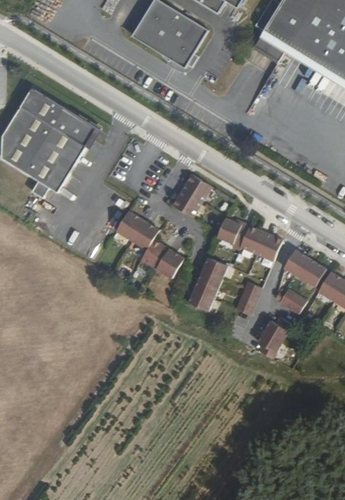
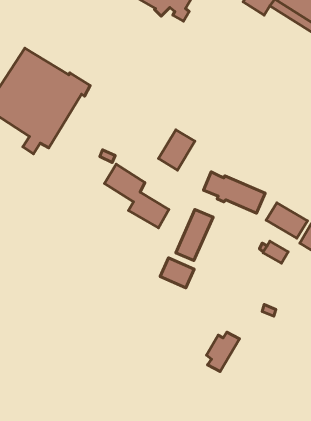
building: [236,282,261,315] -> none
building: none -> [160,258,194,288]
building: [258,317,292,358] -> [207,332,239,372]

